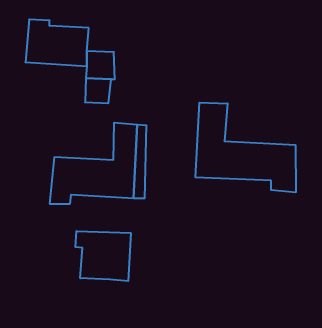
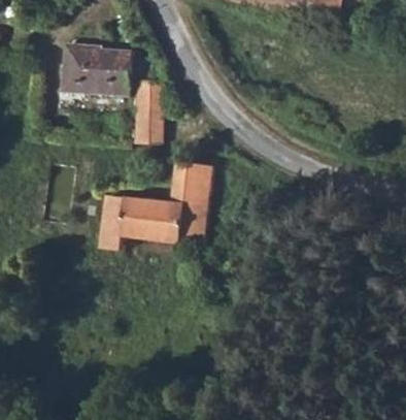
building: [196,103,296,192] -> none
building: [75,231,131,281] -> none

